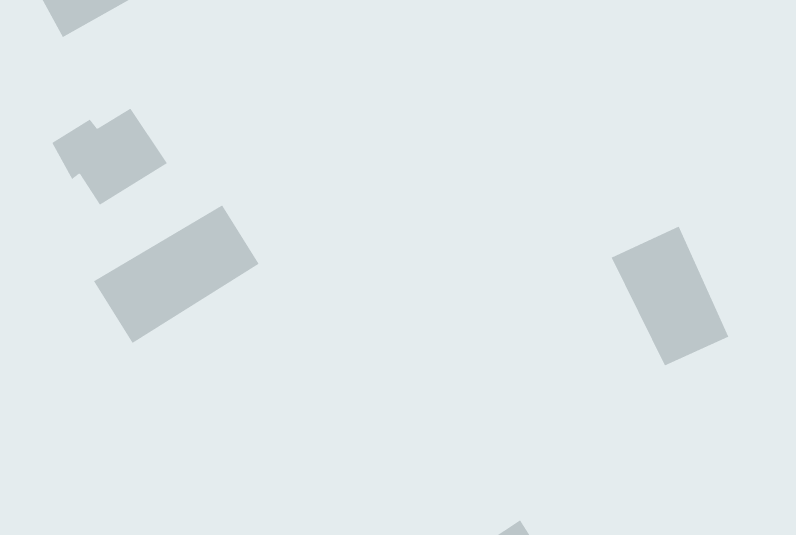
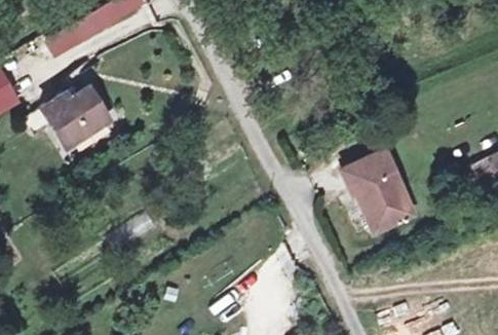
building: [93,204,259,344] -> none

